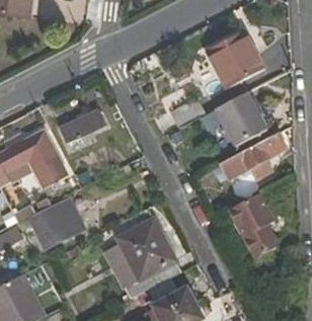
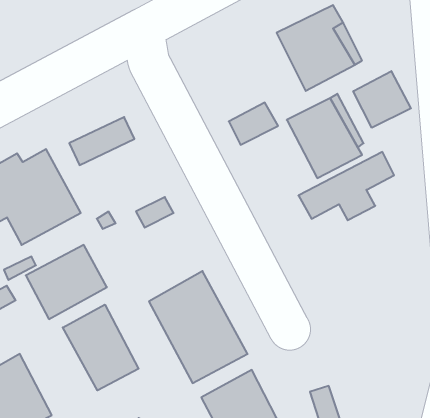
building: none -> [353,71,411,128]
building: [224,195,271,262] -> none
building: none -> [63,305,139,390]

